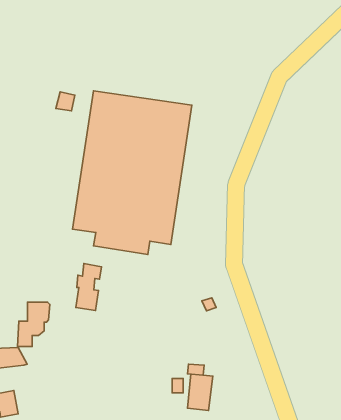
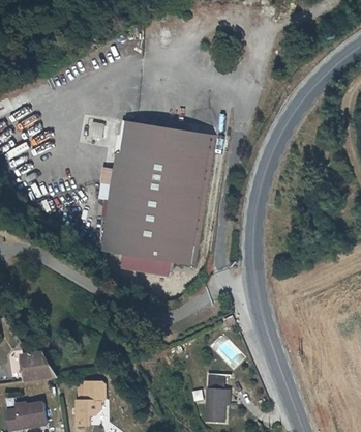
building: [76,264,101,310] -> none
building: [18,302,50,346] -> [74,383,104,425]

